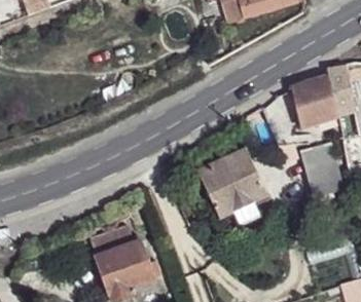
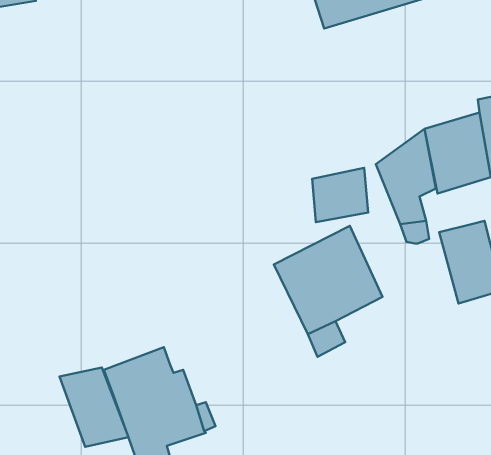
building: none -> [312,168,368,222]
building: none -> [59,368,128,447]

